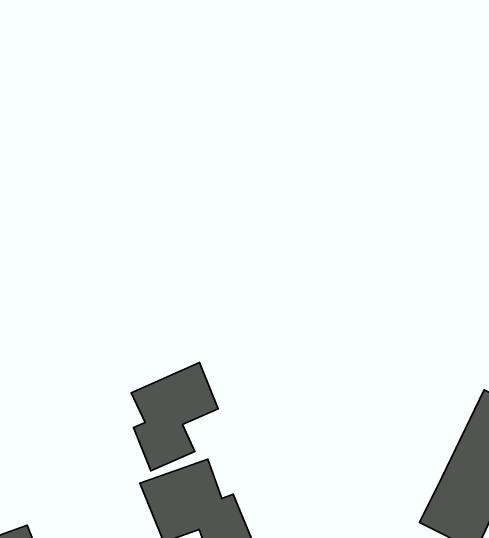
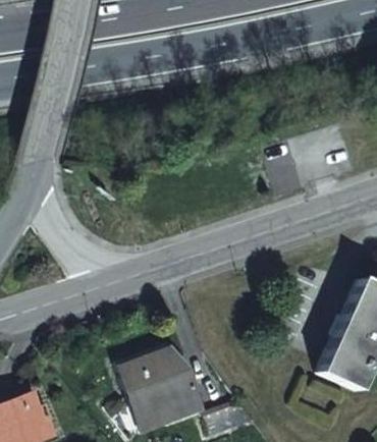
building: [131,362,218,471] -> none

